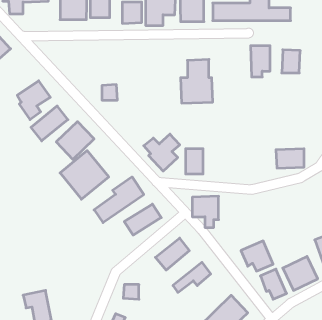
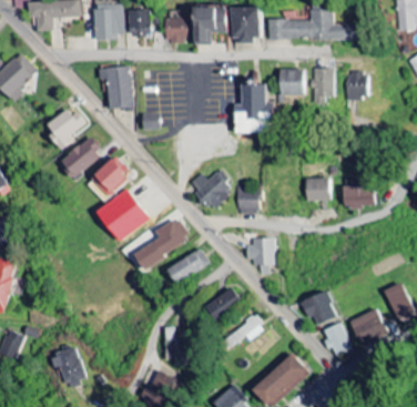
building: none -> [100,67,132,109]
building: none -> [277,69,304,95]
building: none -> [303,177,328,202]

